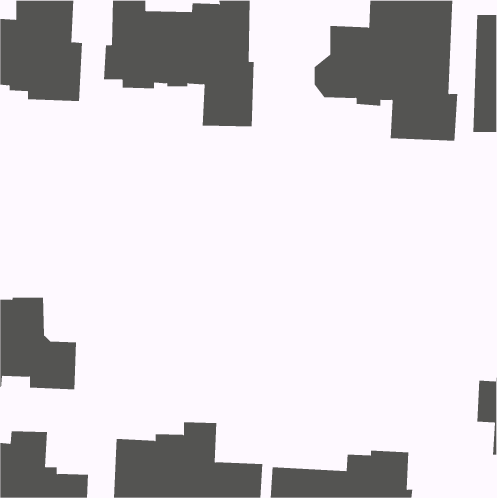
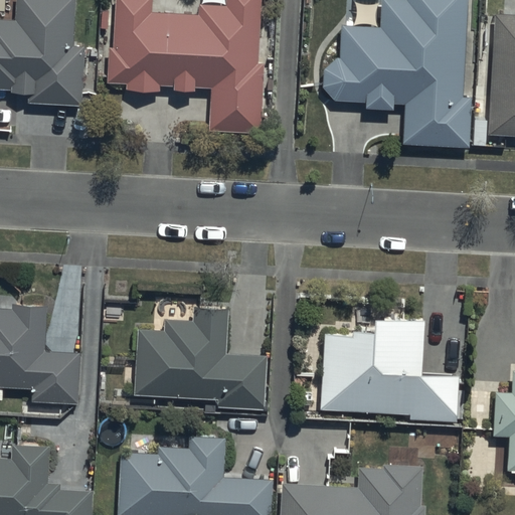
building: none -> [136,308,265,407]
building: none -> [321,318,460,420]

